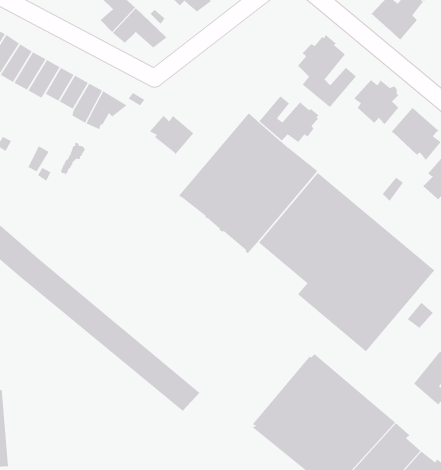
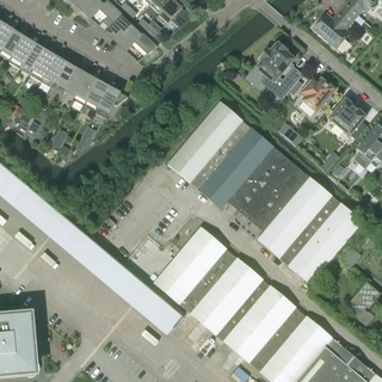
building: [259,95,320,143] -> none
building: [149,114,195,155] -> none
building: none -> [153,228,266,340]

